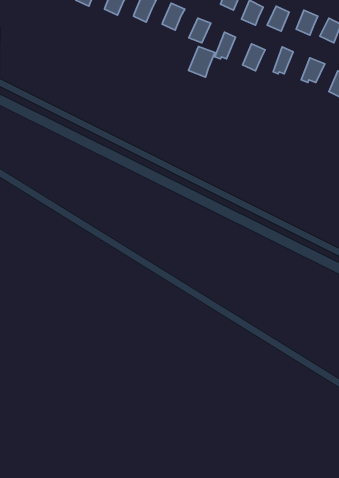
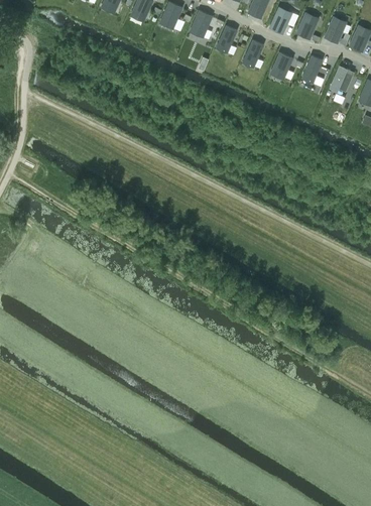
building: [189,47,215,77] -> none

